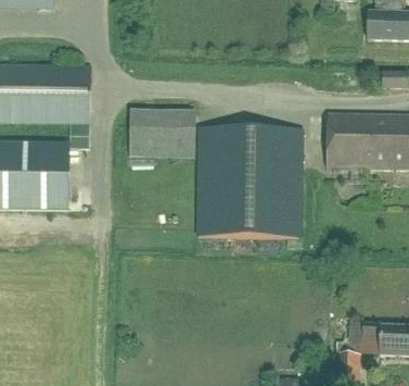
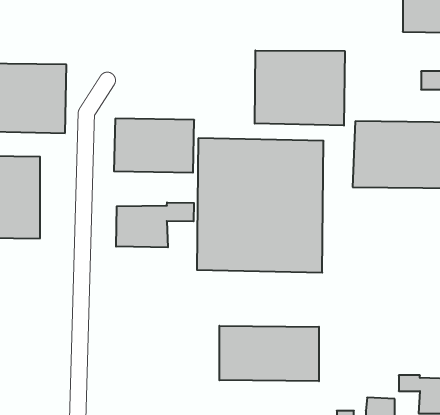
building: none -> [255,50,345,126]
building: none -> [116,202,194,247]
building: none -> [219,326,319,381]

